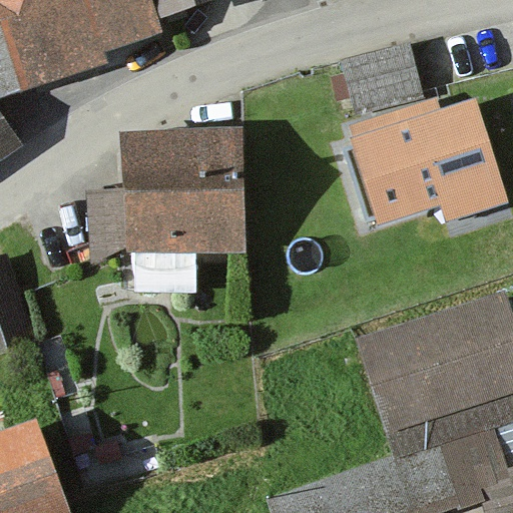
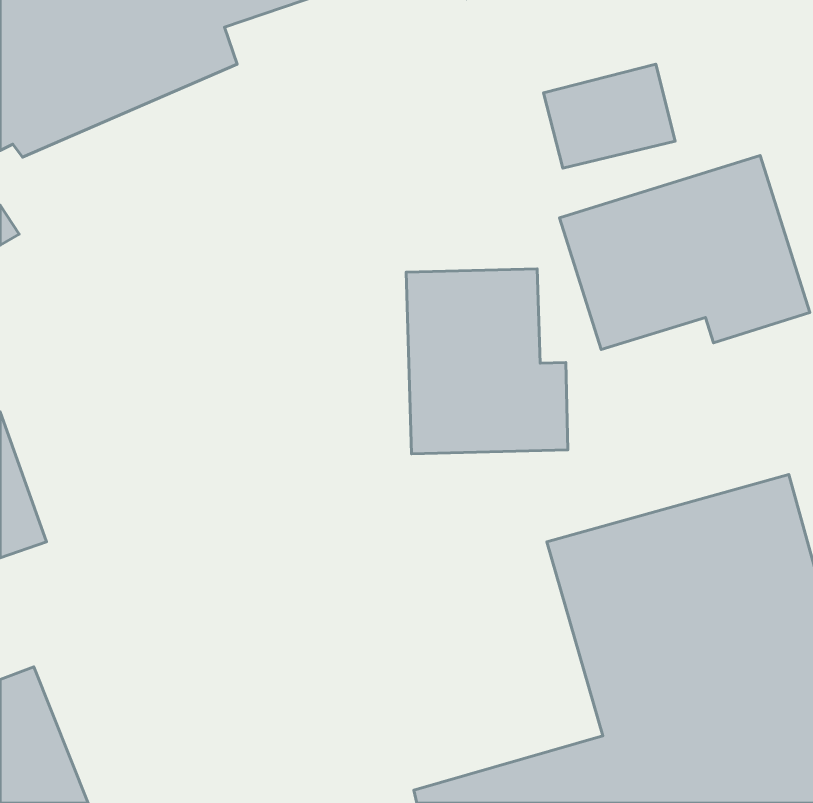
building: [112,131,235,296] -> none
building: none -> [406,269,568,454]

